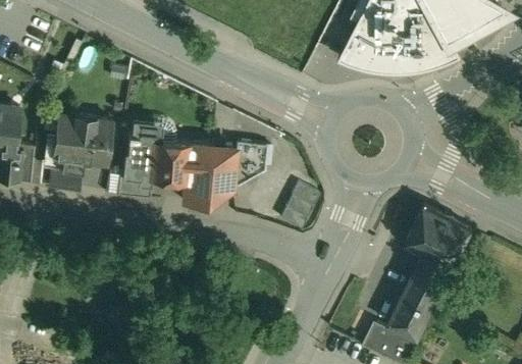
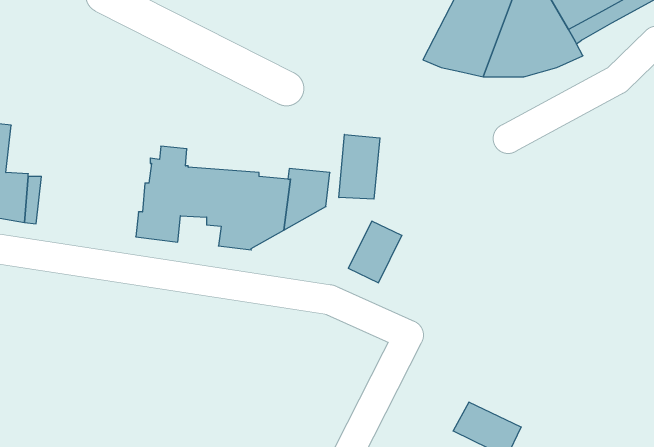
building: [48,112,110,190] -> none
building: none -> [339,134,380,199]
building: [388,205,471,339] -> none

